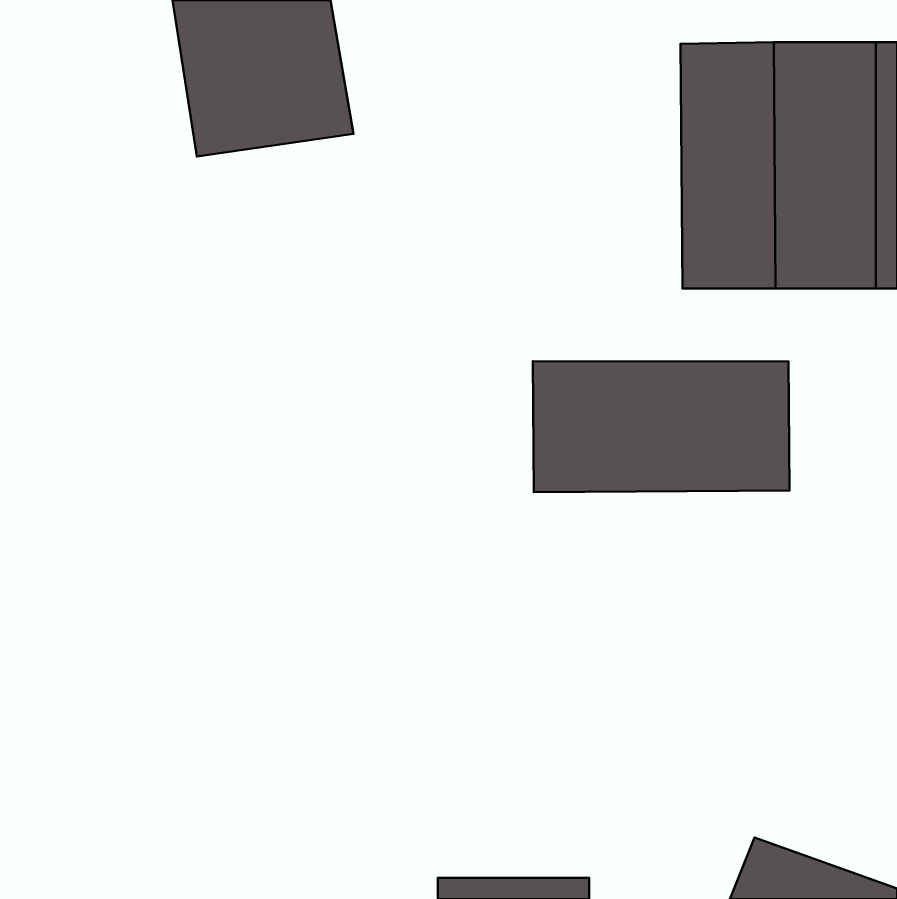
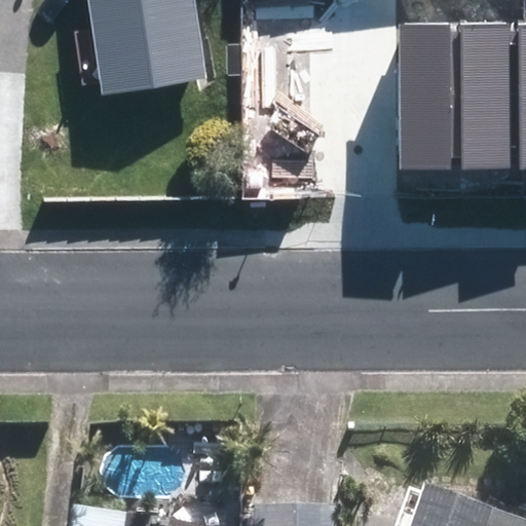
building: [533,361,789,492] -> none

